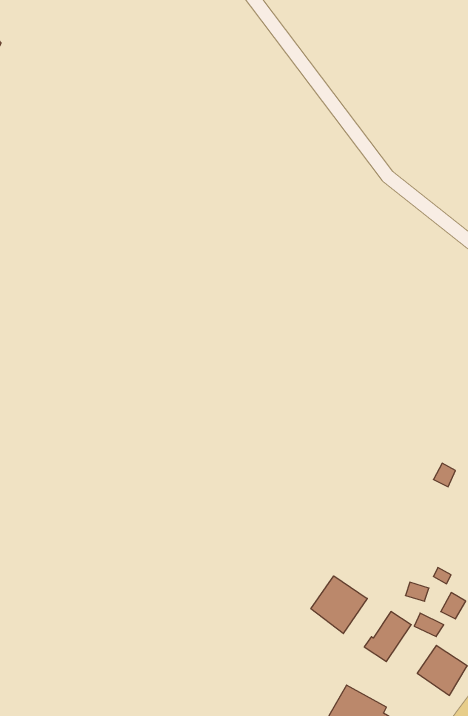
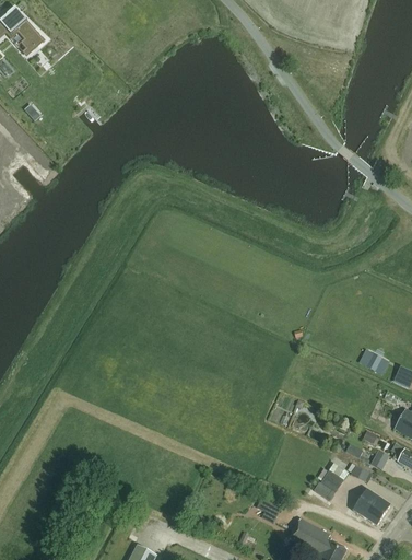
building: [311,576,367,634] -> none

